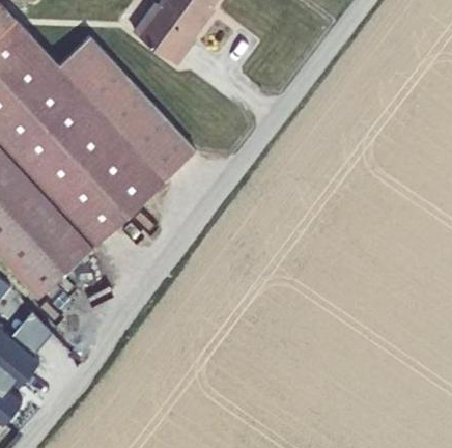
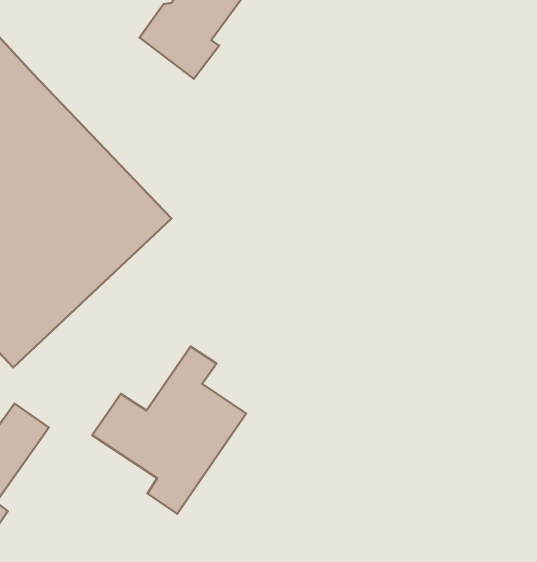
building: [52,31,190,173] -> none
building: none -> [92,347,246,514]

